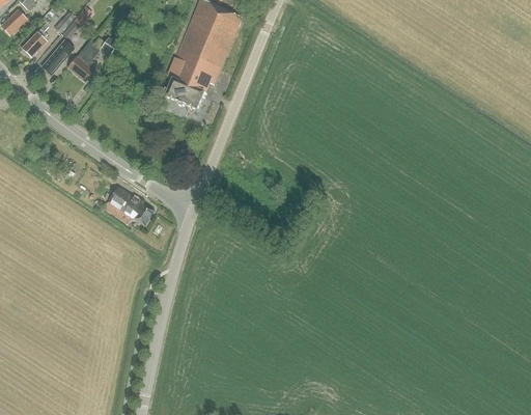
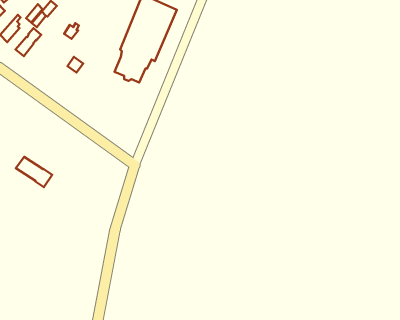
building: [68,36,103,78] -> none
building: [108,187,153,225] -> [16,157,52,187]

